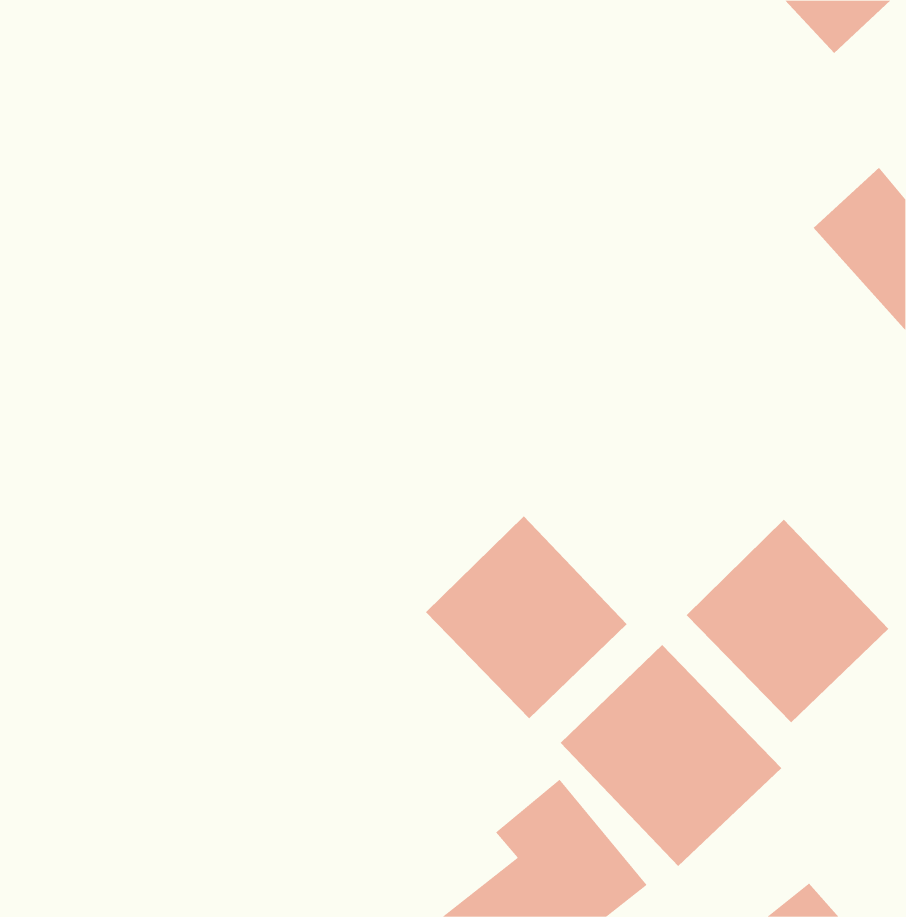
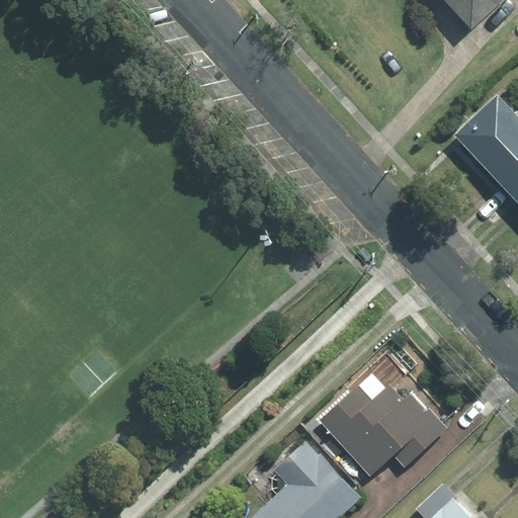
building: [425,516,628,719] -> none
building: [686,519,889,723] -> none

